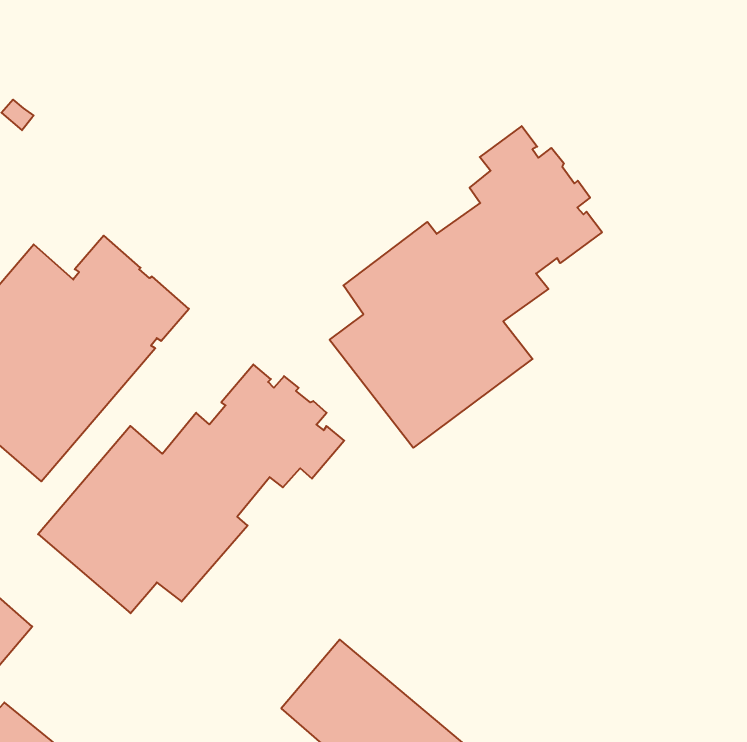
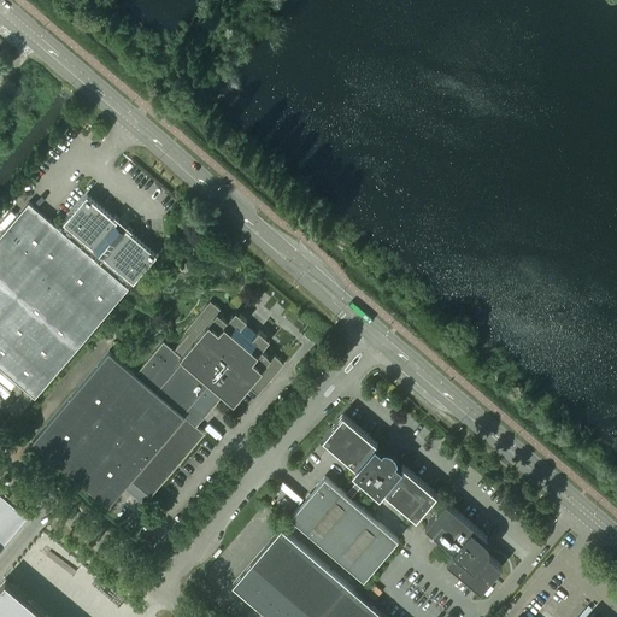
building: [330,126,602,448] -> none
building: none -> [289,418,500,595]

